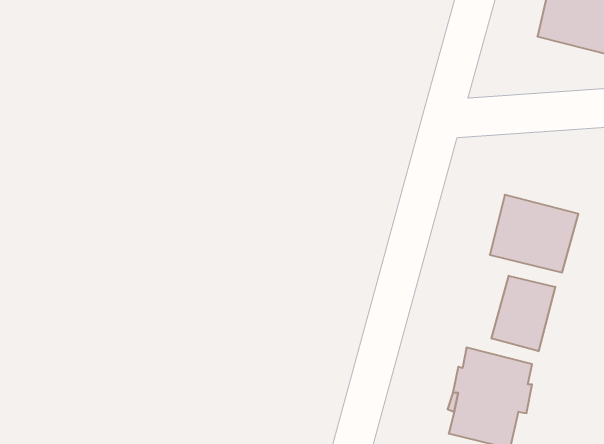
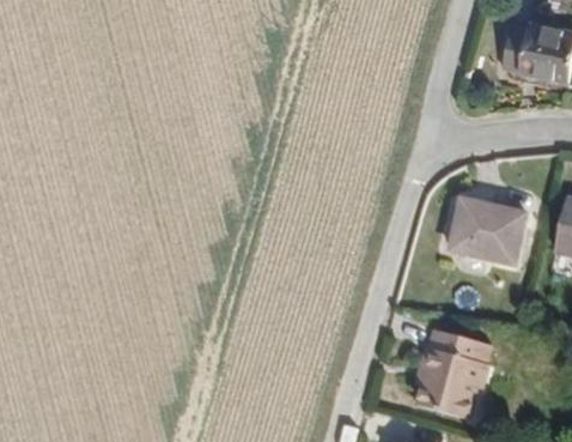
building: [492,276,555,351] -> none

